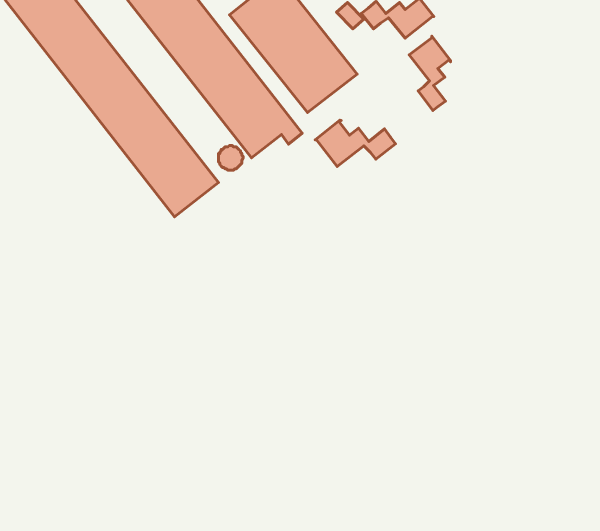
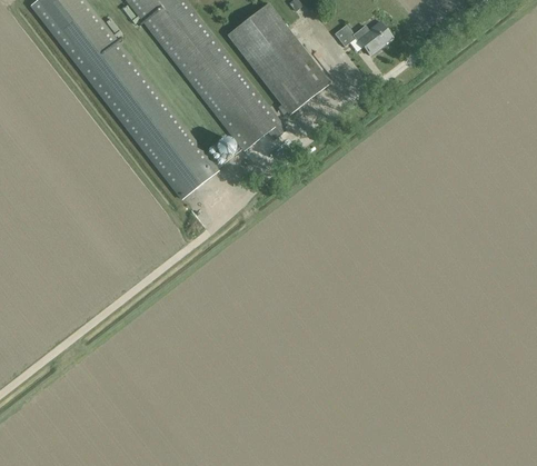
building: [409,36,451,110] -> none
building: [315,120,396,167] -> none

